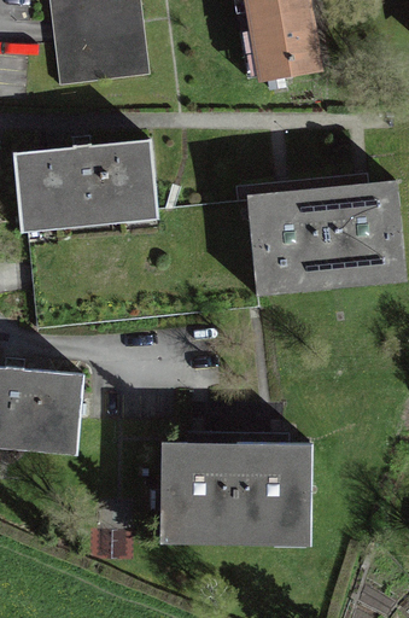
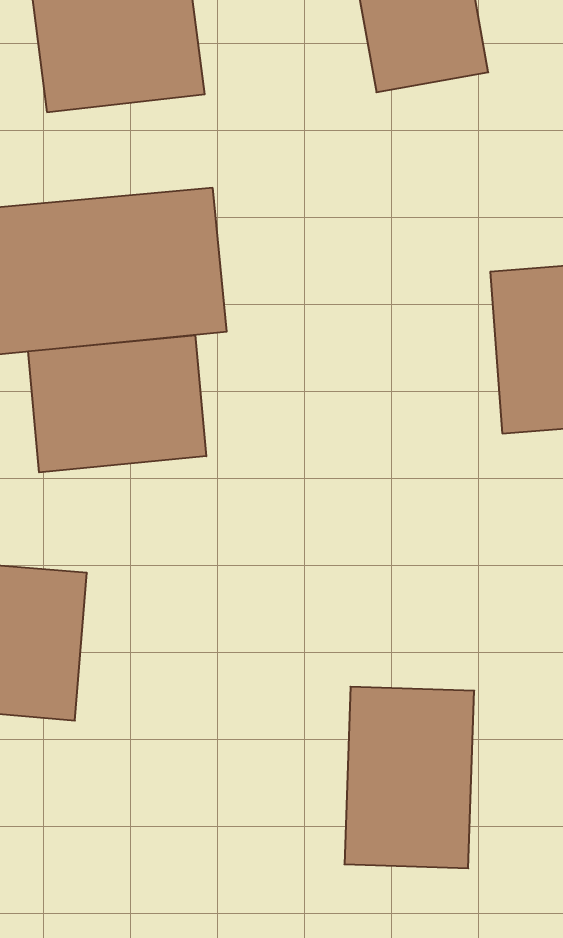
building: [247,186,332,290] -> none
building: none -> [28,335,206,472]
building: [159,435,240,544] -> none

